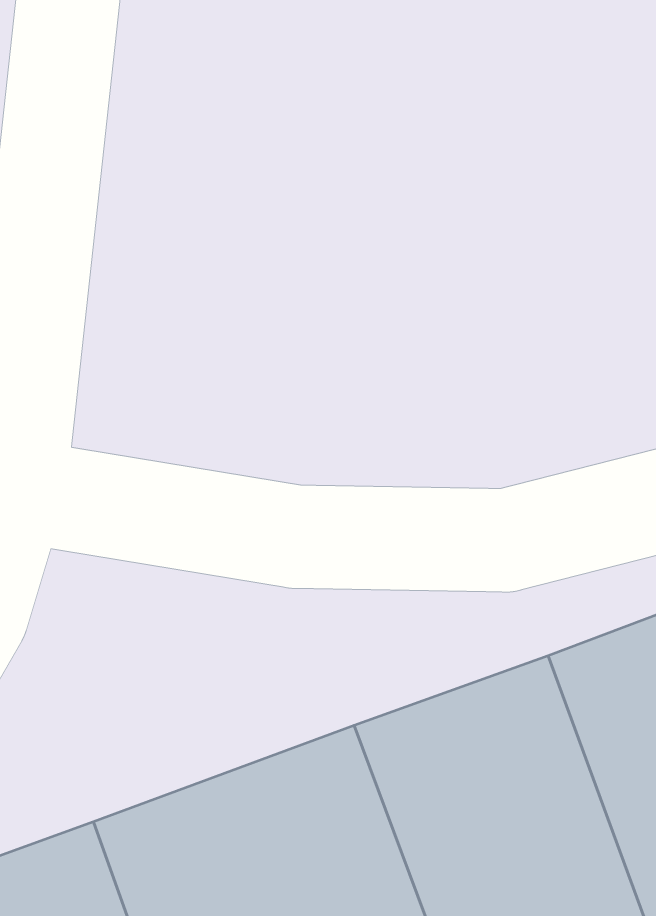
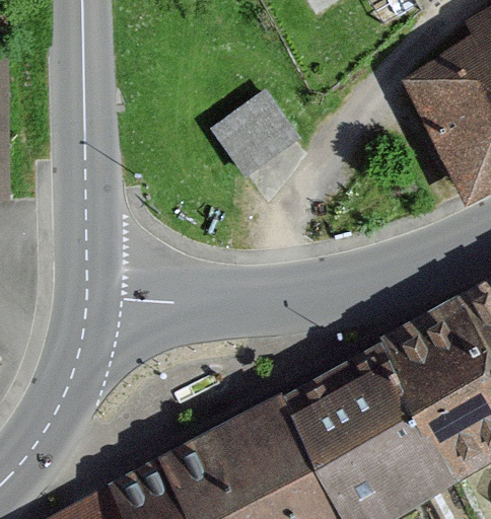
building: none -> [206,92,297,181]

